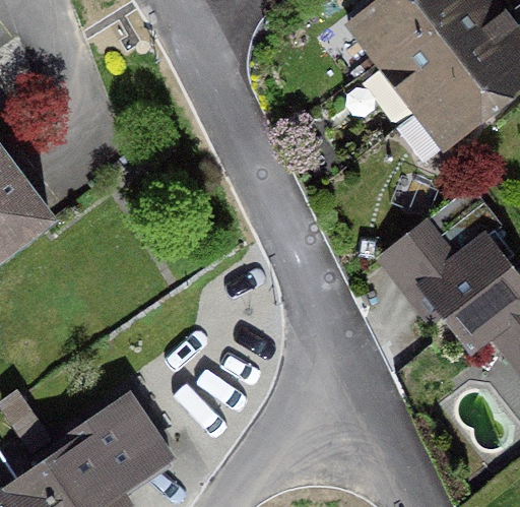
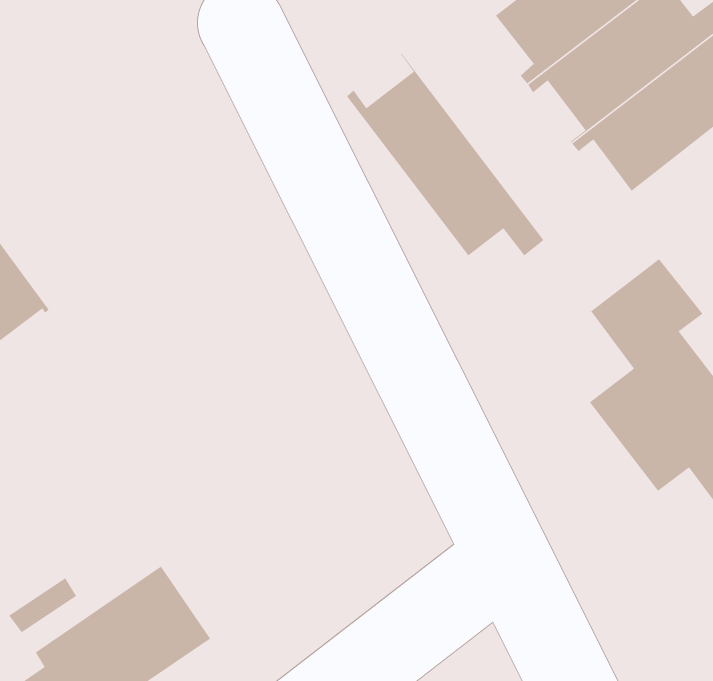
building: none -> [346,53,545,257]

